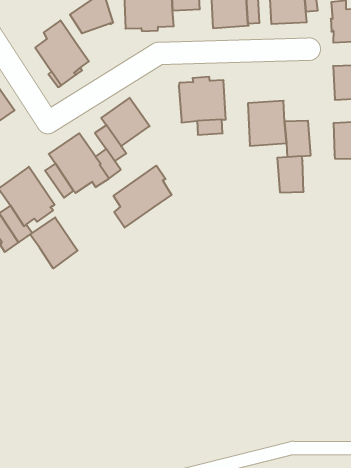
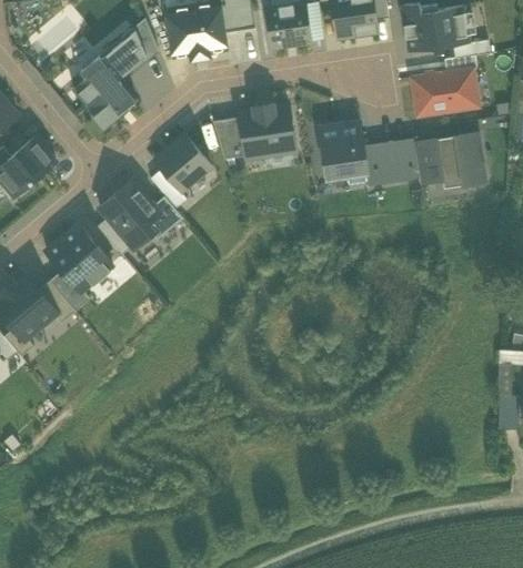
building: none -> [99,48,155,83]
building: none -> [214,118,247,159]
building: [277,156,304,192] -> [390,138,423,181]
building: [114,166,172,228] -> none
building: [30,217,78,268] -> none

